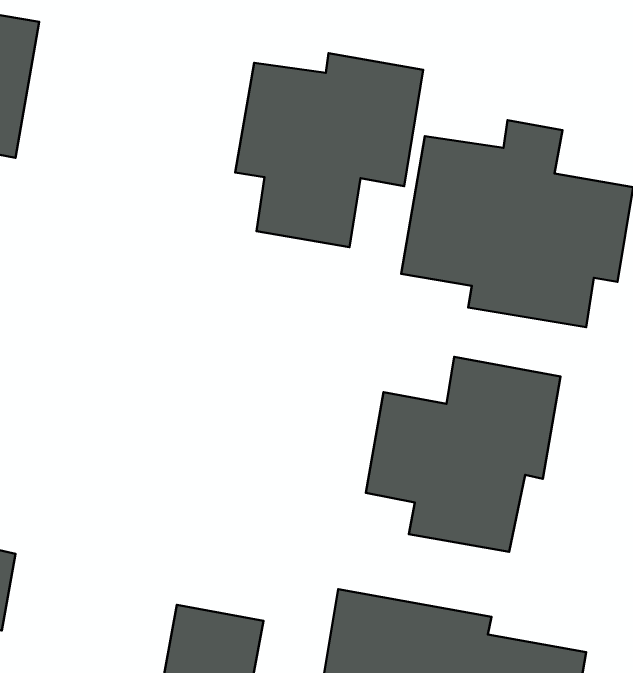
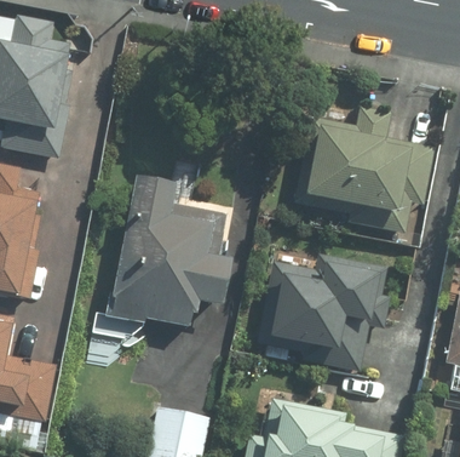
building: [235,53,423,247] -> none
building: none -> [109,181,226,333]

